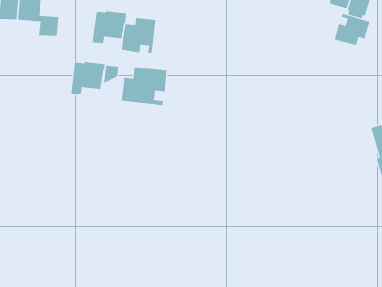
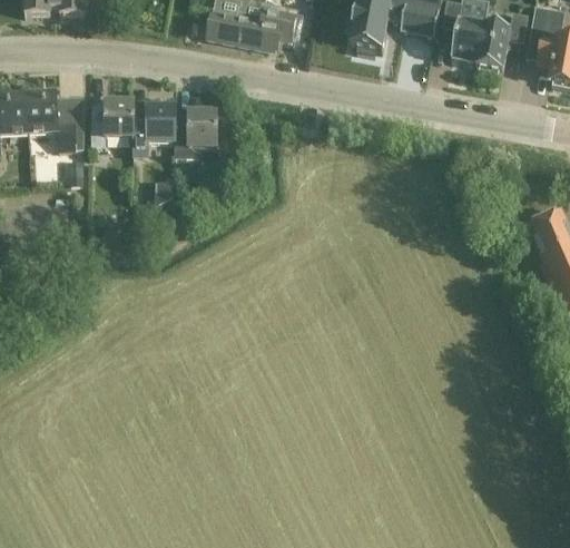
building: [334,13,370,46] -> none
building: [70,61,106,95] -> [91,98,135,145]
building: [121,67,167,106] -> none

